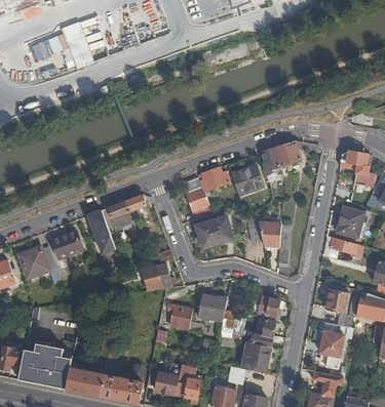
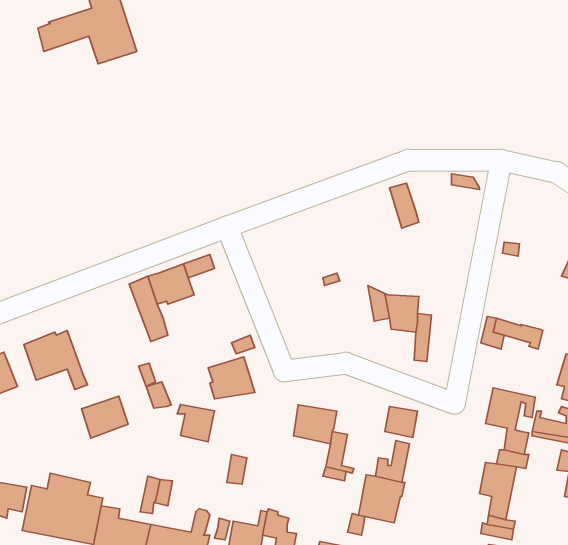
building: [273,141,300,167] -> none
building: [341,151,374,188] -> none
building: [231,166,263,196] -> none
building: [186,167,229,211] -> none
building: [339,208,365,238] -> none
building: [196,216,233,248] -> none
building: [51,232,82,259] -> [82,396,128,438]
building: [167,304,192,329] -> [177,405,215,442]

